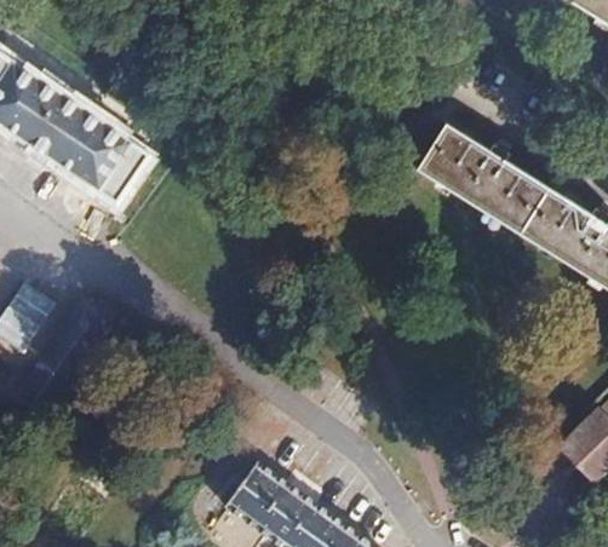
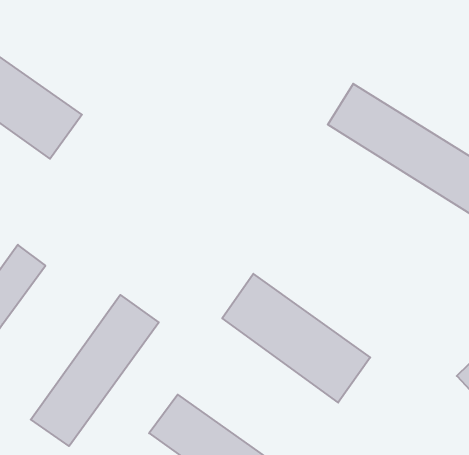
building: none -> [222,274,370,403]
building: none -> [31,295,159,446]

